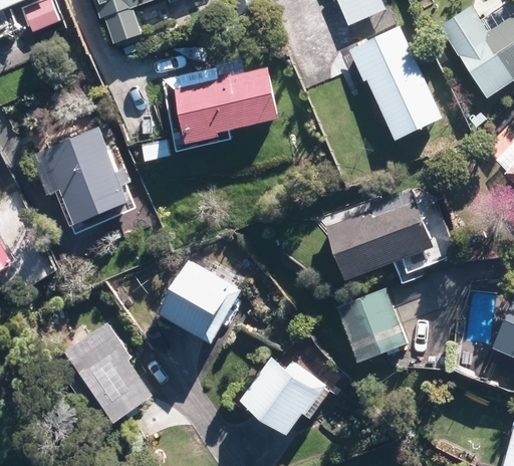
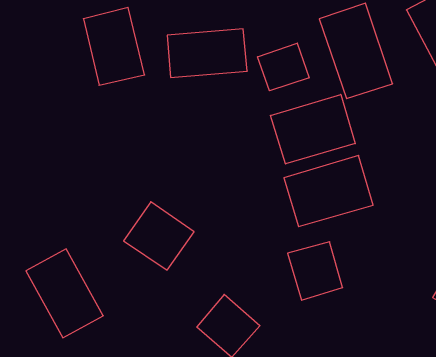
building: none -> [258,43,309,91]
building: none -> [270,94,355,164]
building: [50,135,122,222] -> [83,7,145,85]

